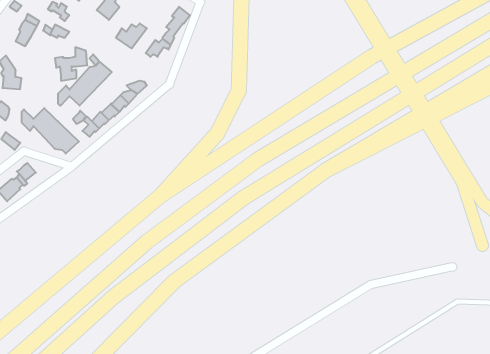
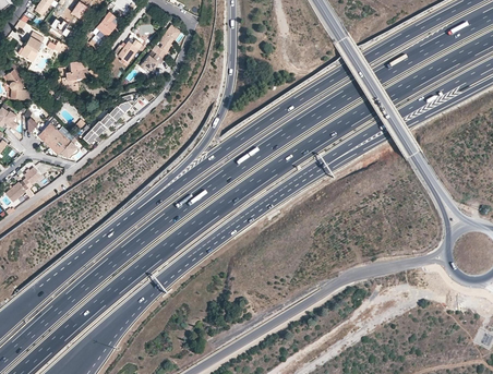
building: [58,62,112,106] -> none

